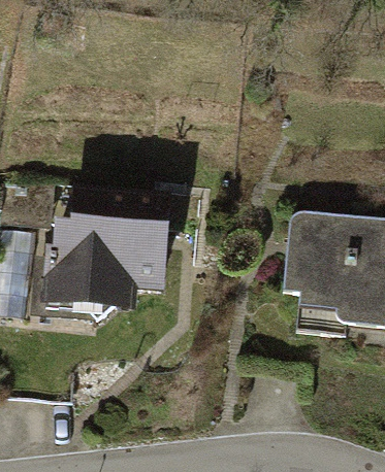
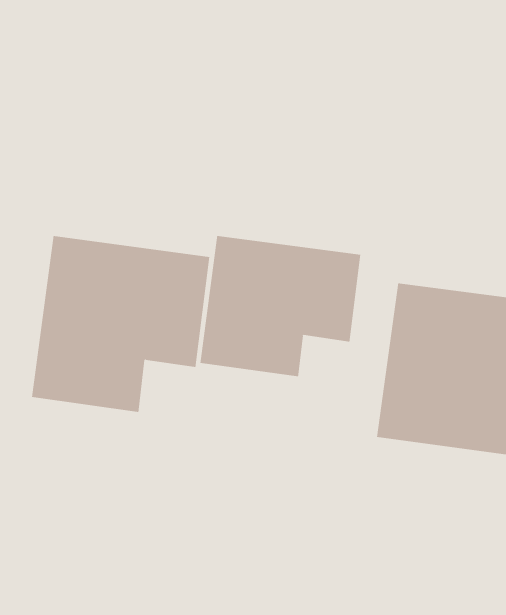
building: none -> [200,235,361,377]

